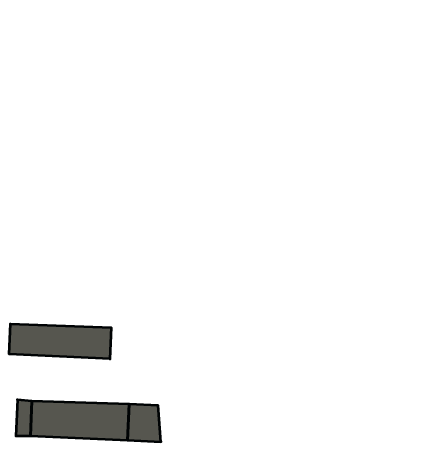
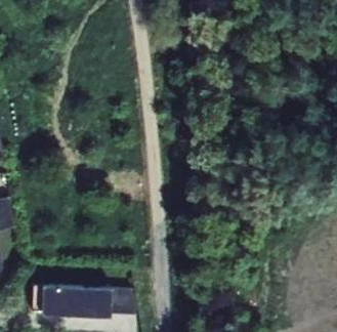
building: [9,324,111,359] -> none

